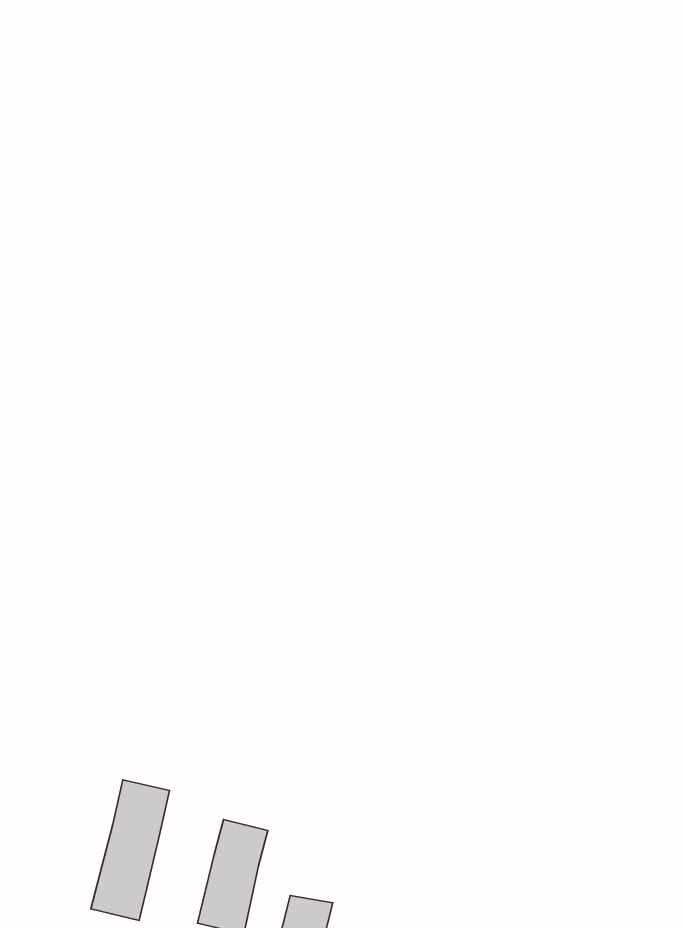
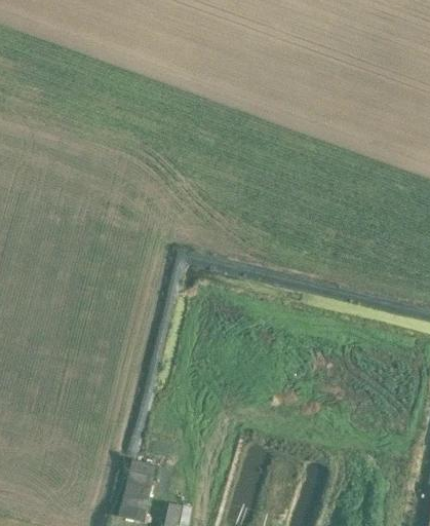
building: [91,780,169,921] -> none

